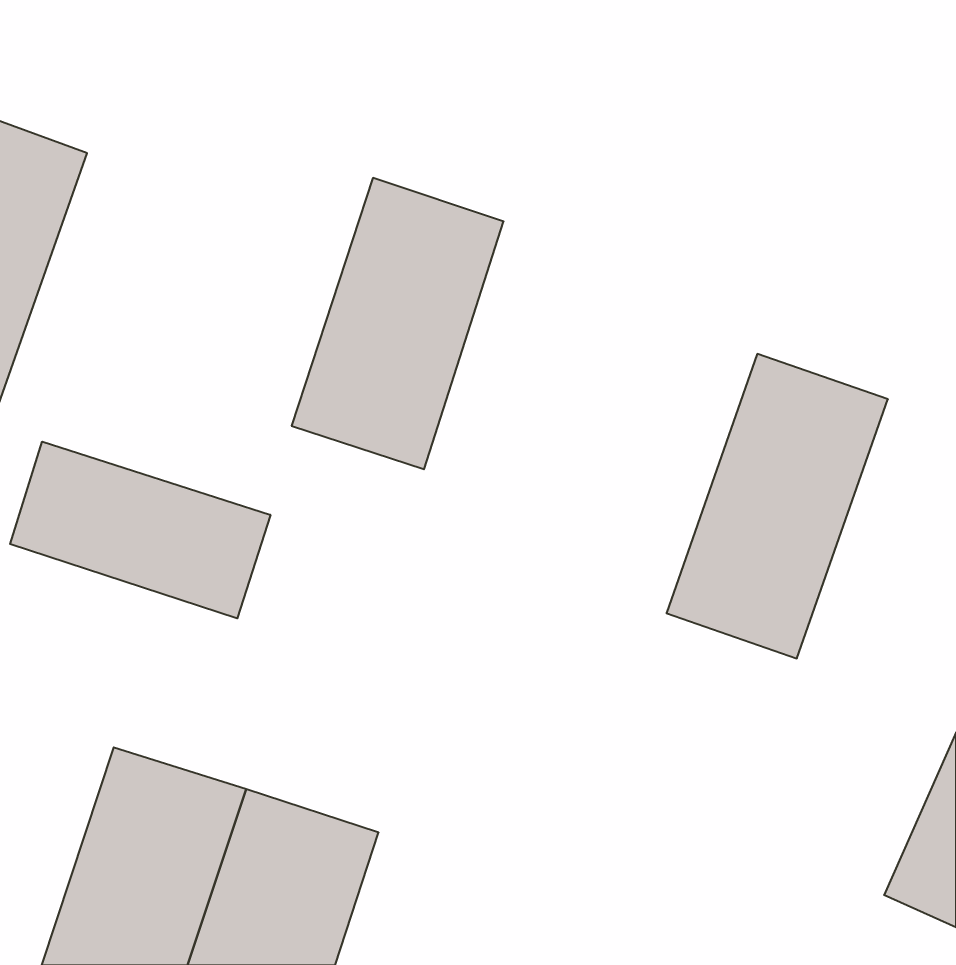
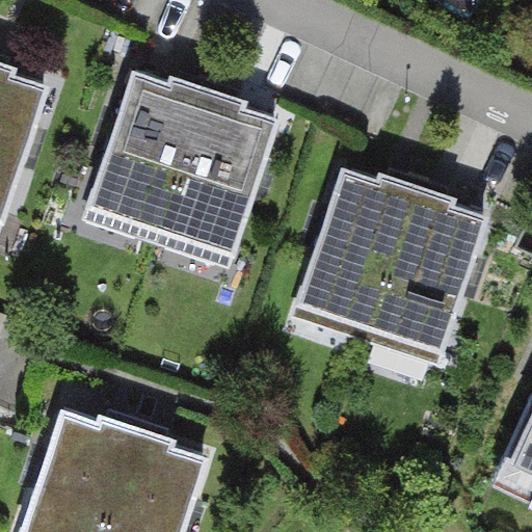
building: none -> [88,75,205,234]
building: none -> [294,169,416,337]
building: [10,442,270,618] -> none

